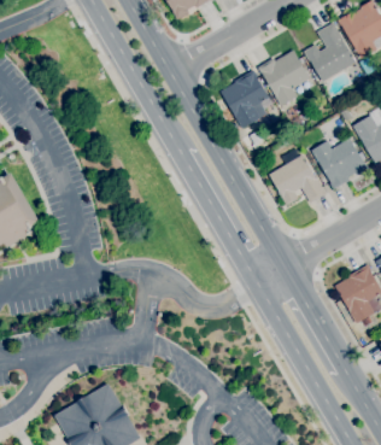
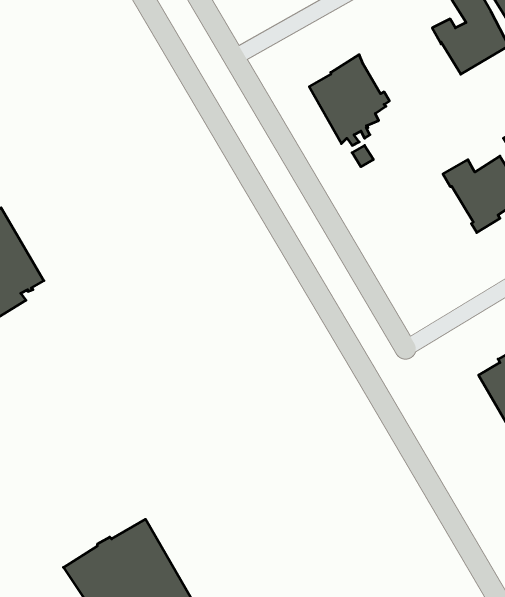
building: [258,49,313,106] -> none
building: [269,148,327,205] -> none

